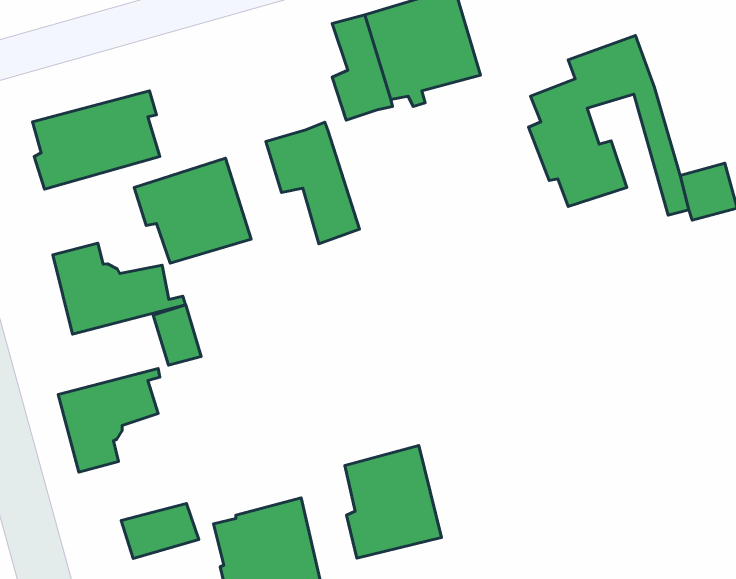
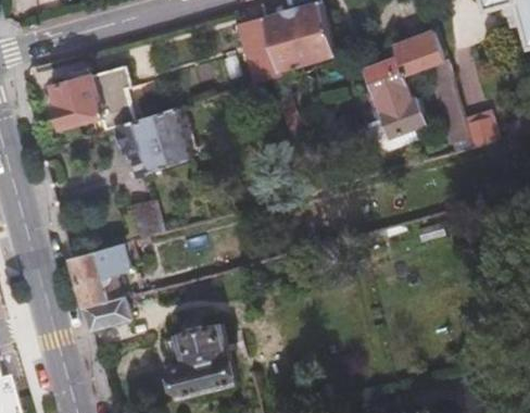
building: [266,122,359,244] -> none
building: [53,243,186,334] -> none
building: [345,446,441,558] -> none
building: [121,503,199,559] -> [83,295,131,329]

